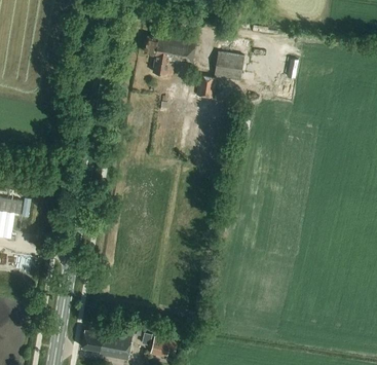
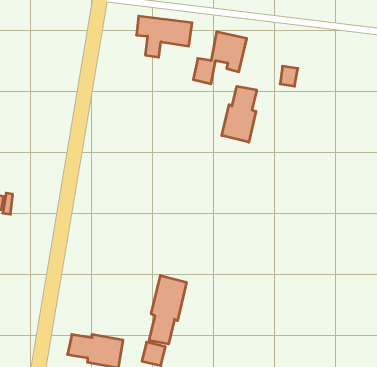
building: none -> [222,86,257,142]
building: none -> [149,275,186,344]

